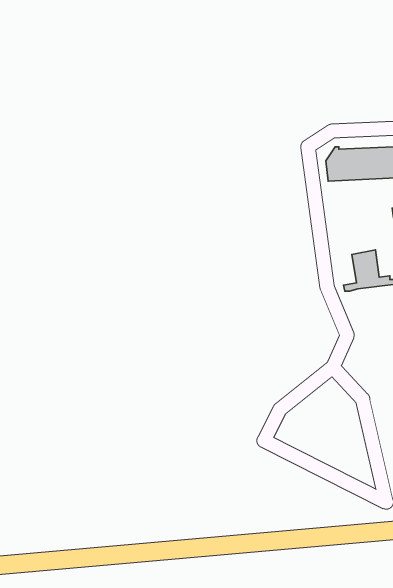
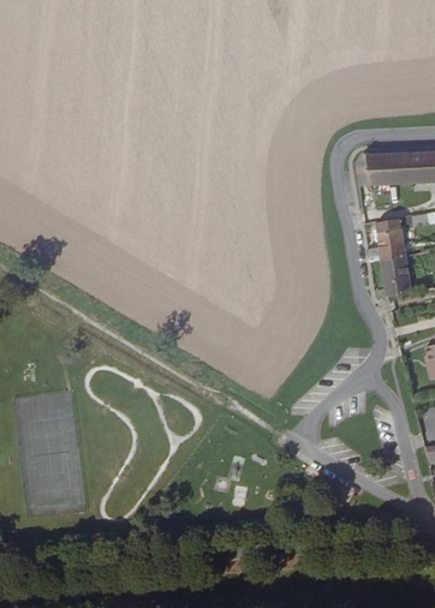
building: none -> [367,217,405,261]

